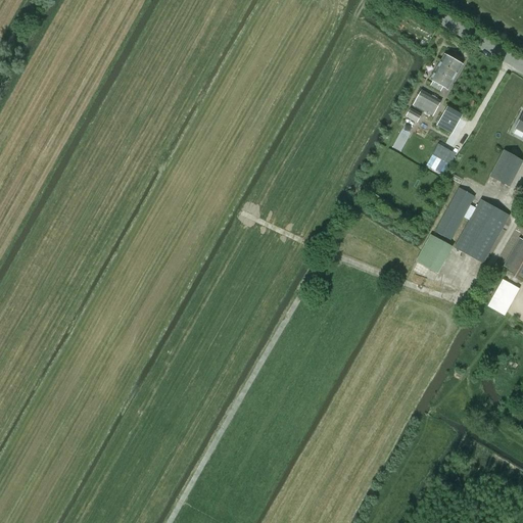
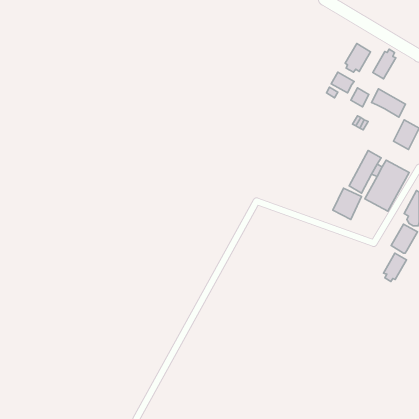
building: none -> [373,49,396,79]
building: none -> [371,89,405,117]
building: none -> [384,253,406,282]

